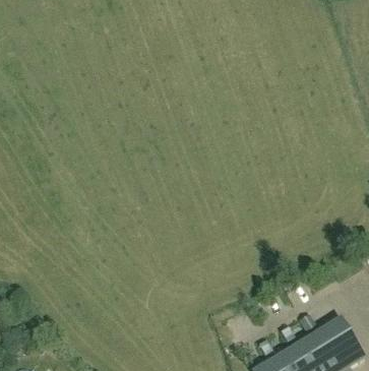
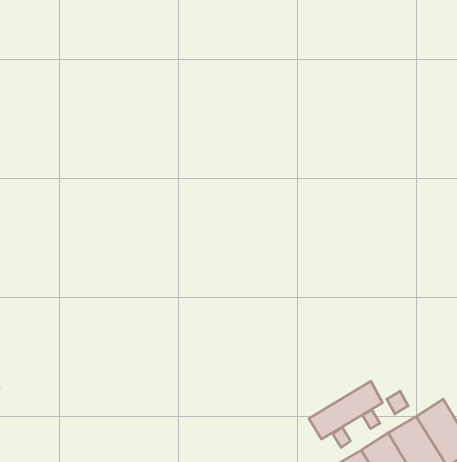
building: none -> [309,381,382,439]

